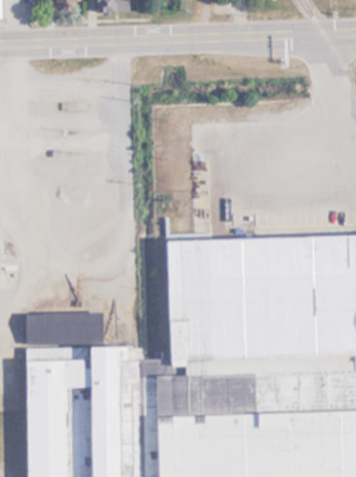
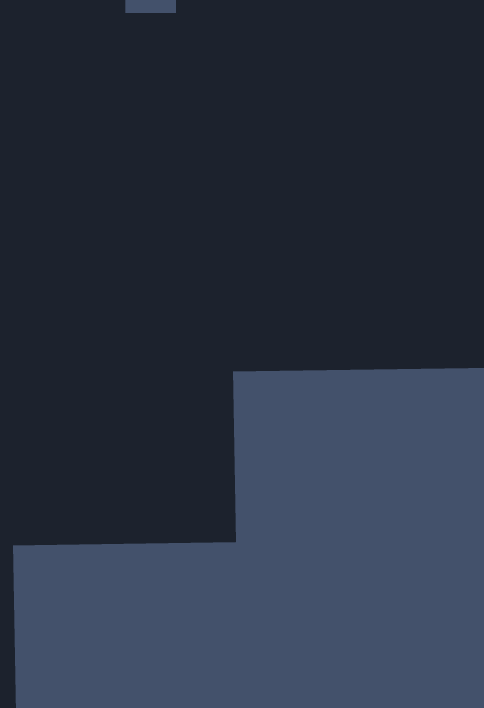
building: [25,312,103,344] -> none

